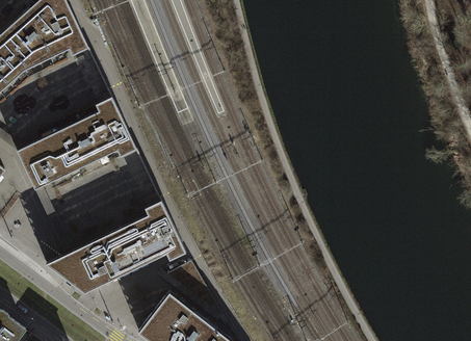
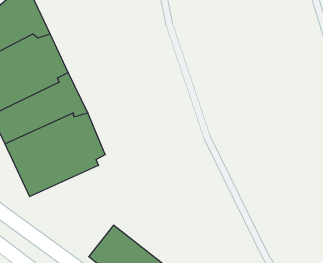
building: [43,203,187,293] -> none

